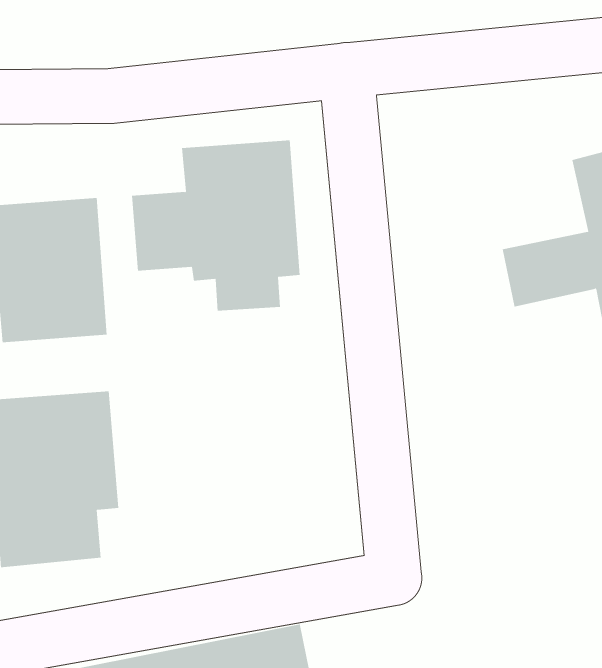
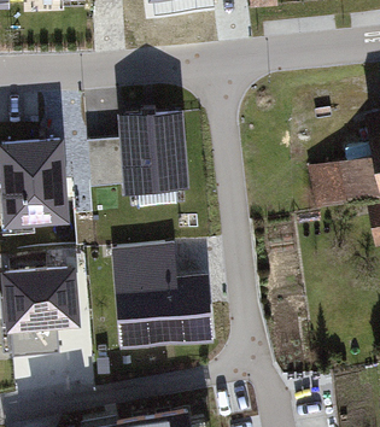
building: none -> [111,242,215,351]

